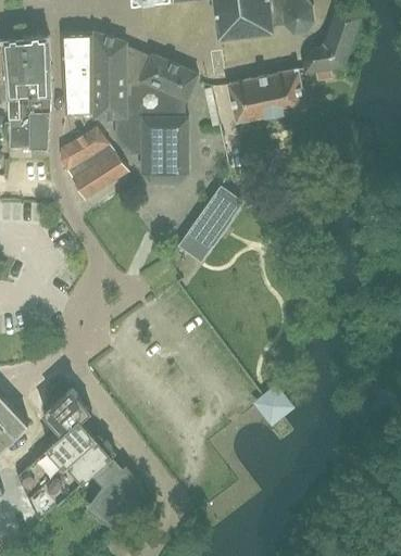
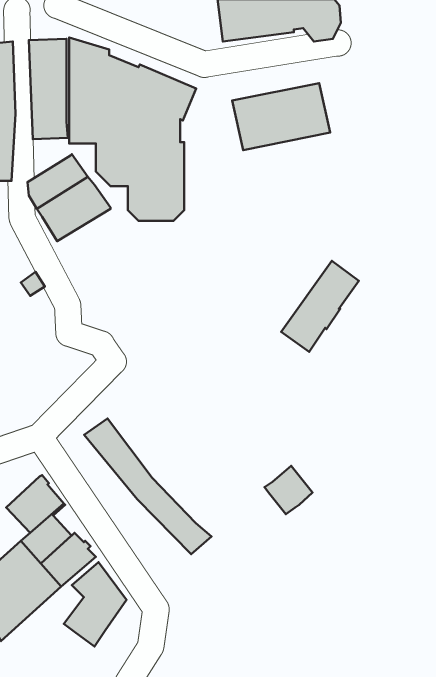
building: [302,8,361,75] -> none
building: [179,184,242,257] -> [281,261,359,352]
building: none -> [84,419,211,554]

